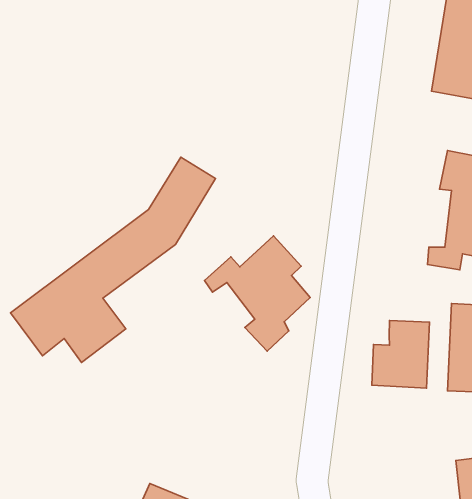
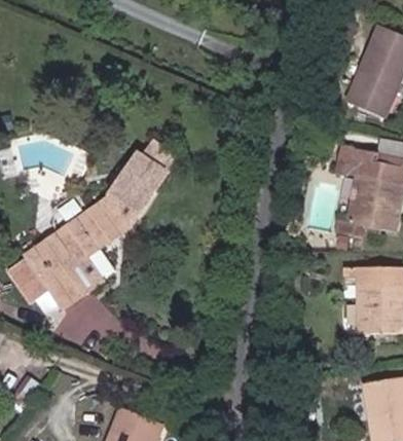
building: [204,236,310,351] -> none
building: [372,321,430,388] -> none

